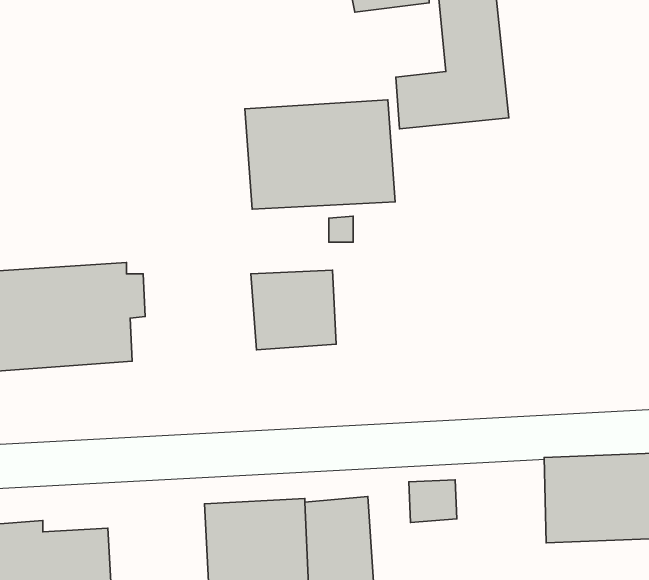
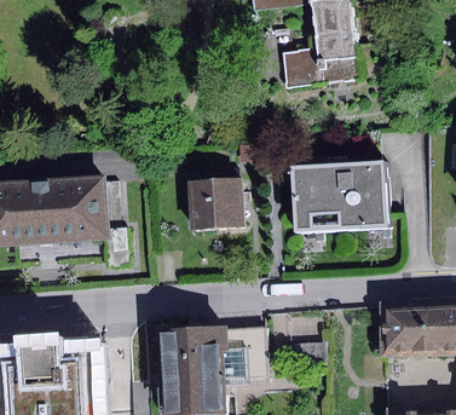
building: [245,100,395,209] -> [290,158,388,230]

